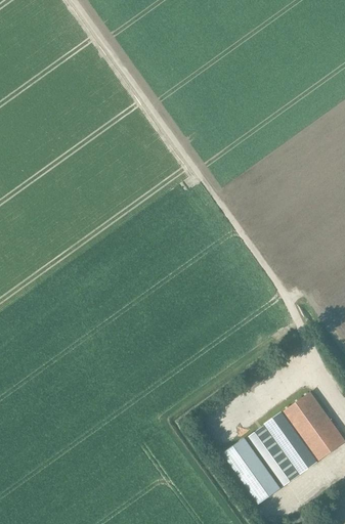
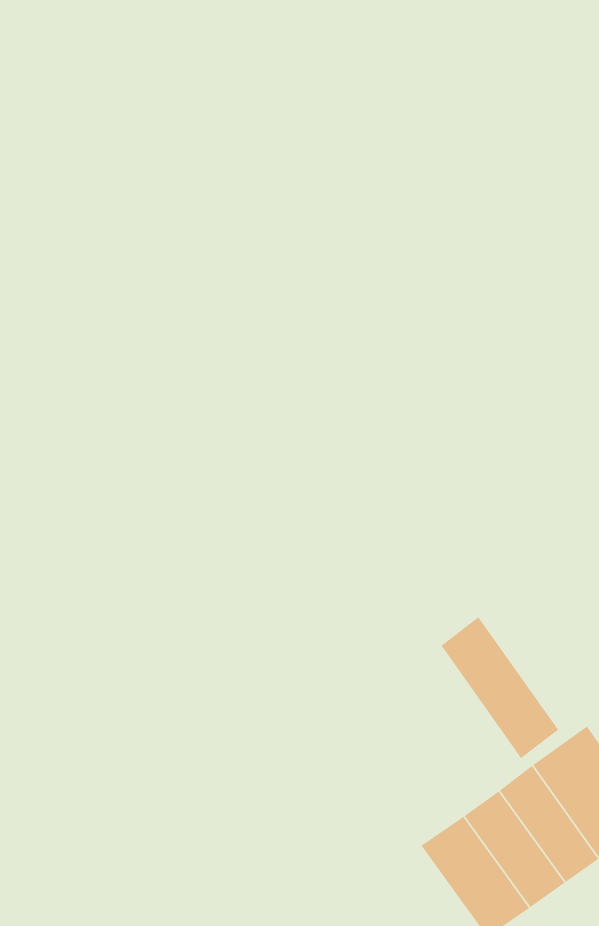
building: none -> [440,616,559,759]

